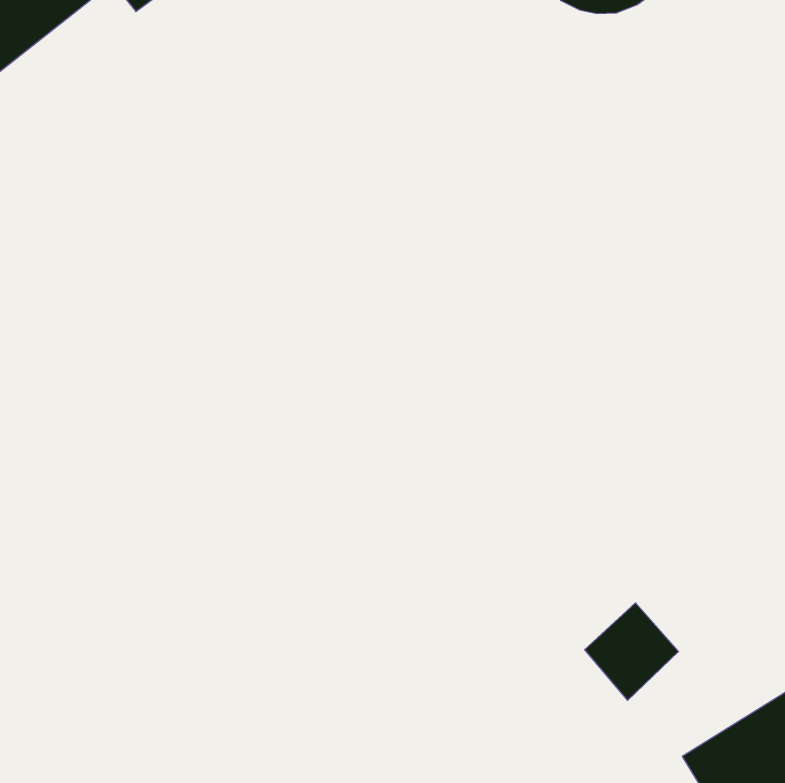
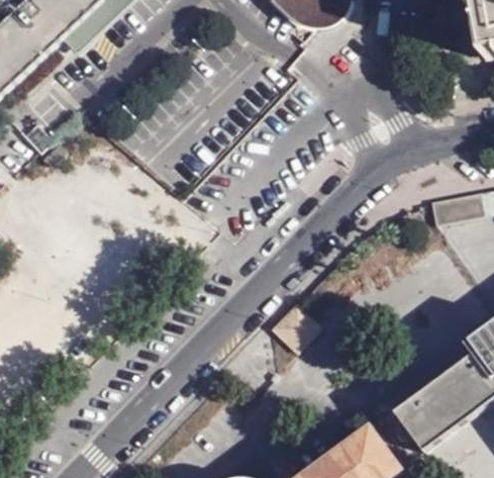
building: [585,603,679,700] -> [273,303,321,354]

